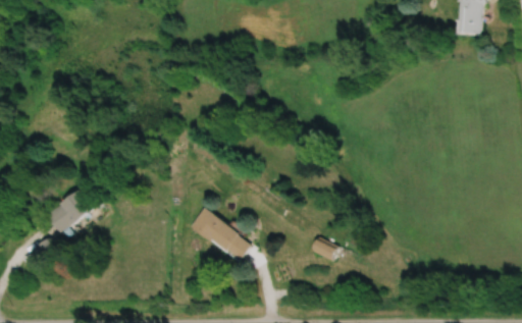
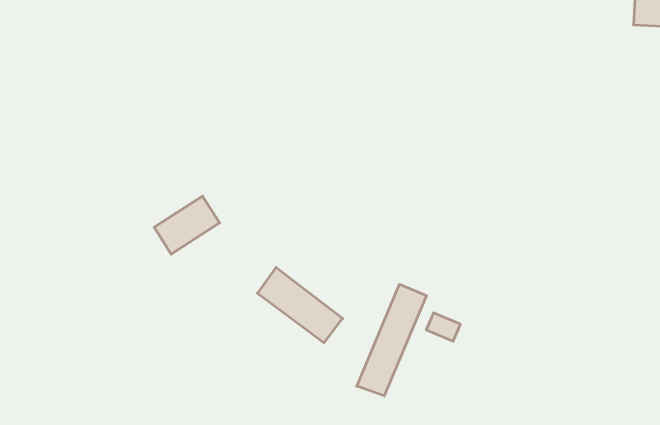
building: [48,190,95,231] -> [154,196,220,254]
building: none -> [357,284,426,396]

